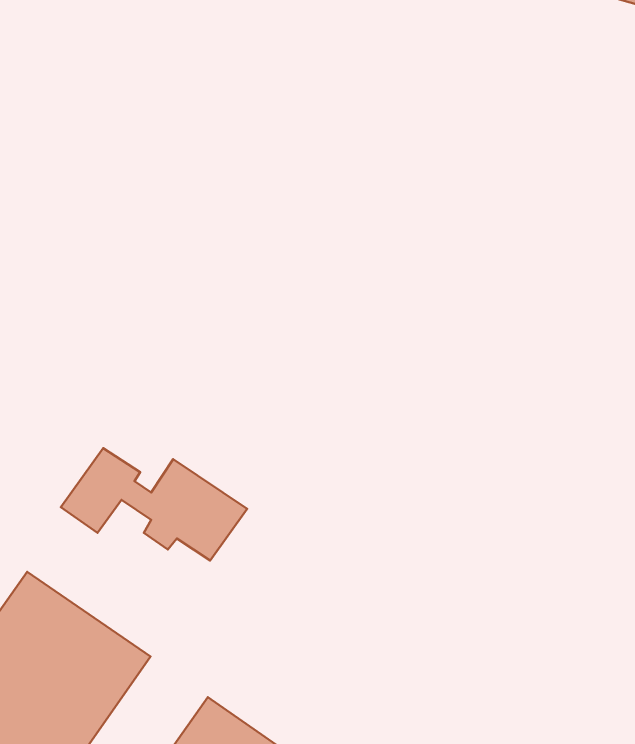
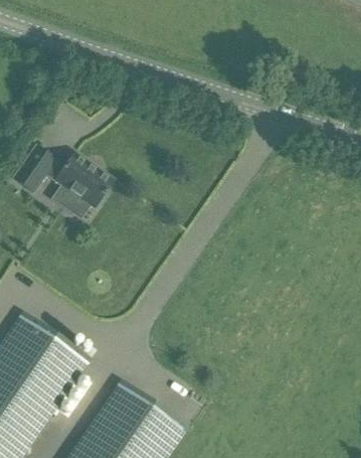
building: [61,448,247,561] -> [10,151,112,212]

